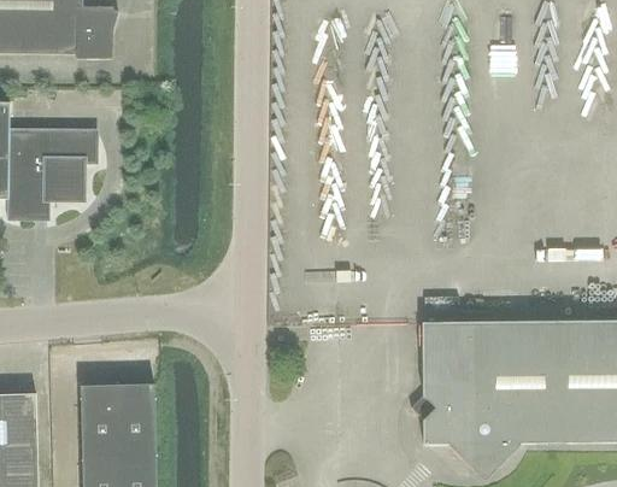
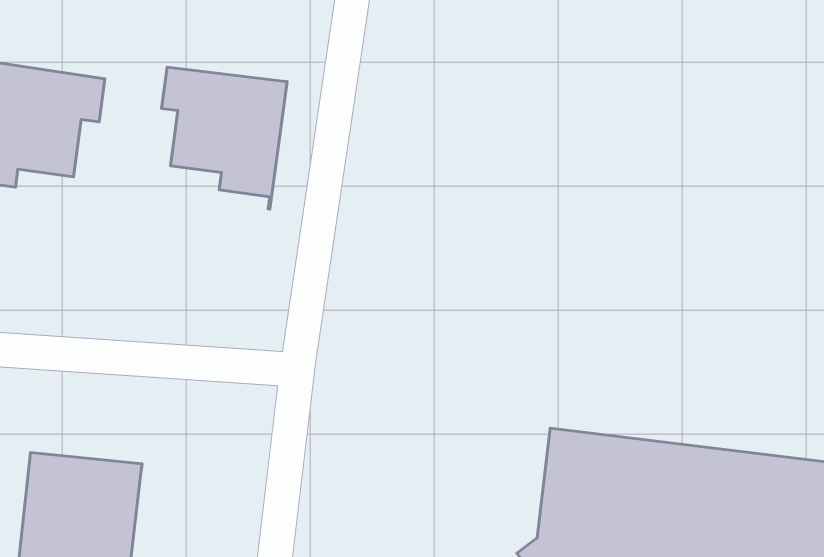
building: none -> [162,67,287,209]

